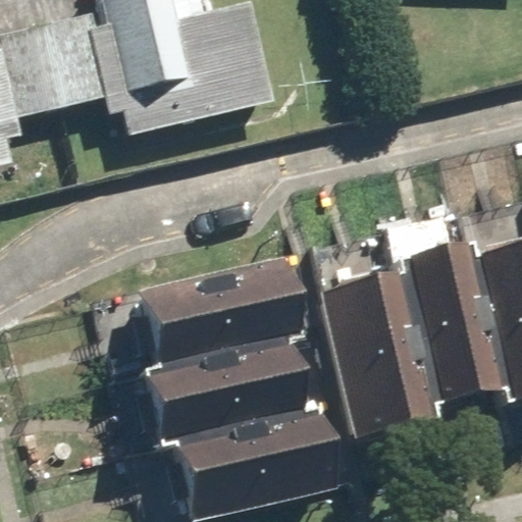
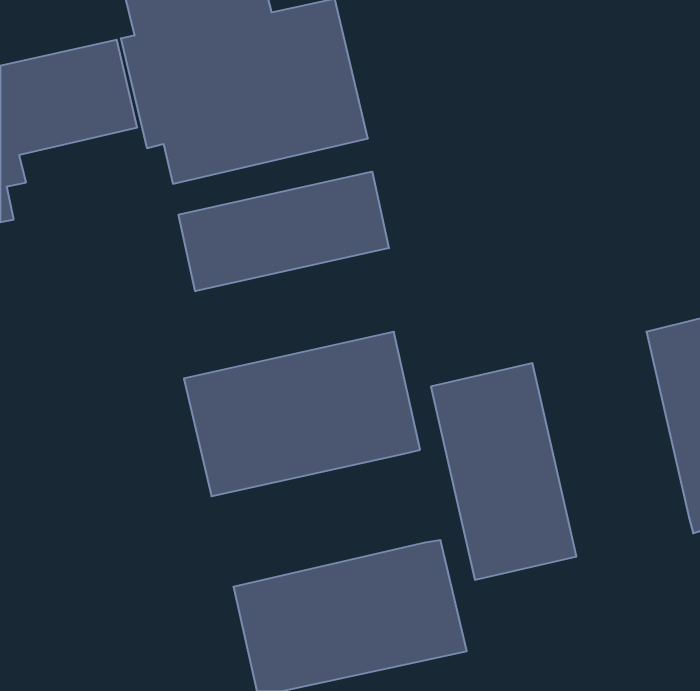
building: none -> [179,172,389,291]
building: [402,238,508,408] -> none
building: [145,337,316,439] -> none

